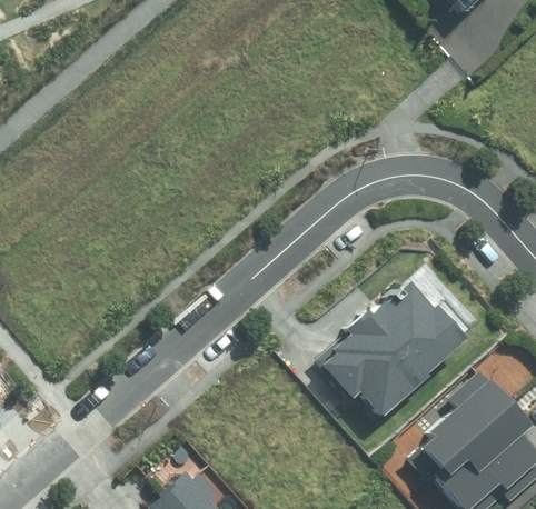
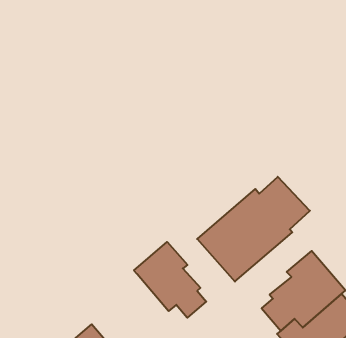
building: none -> [134,242,206,318]

